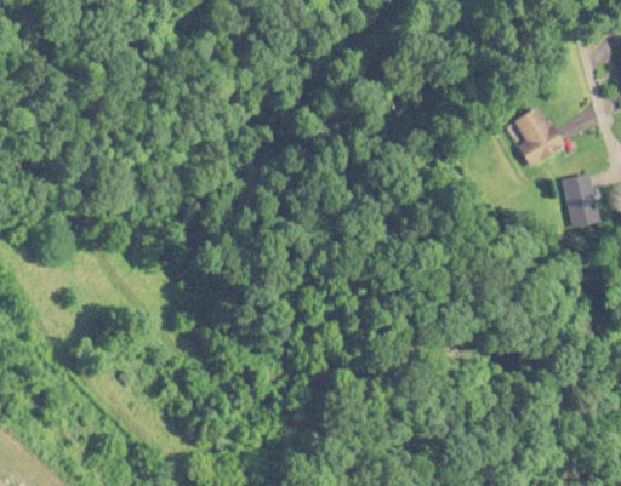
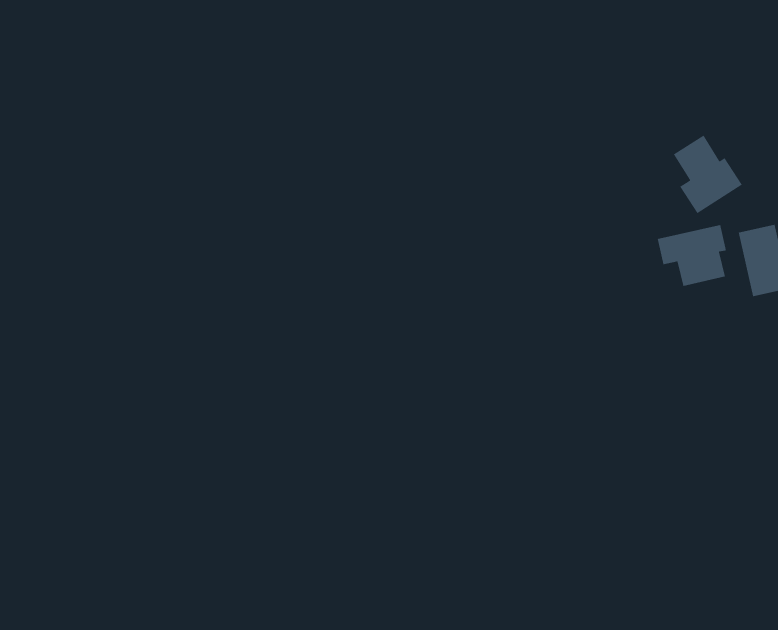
building: none -> [657,224,727,287]

